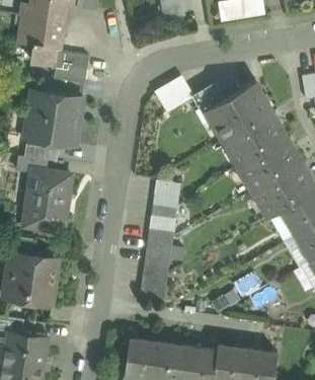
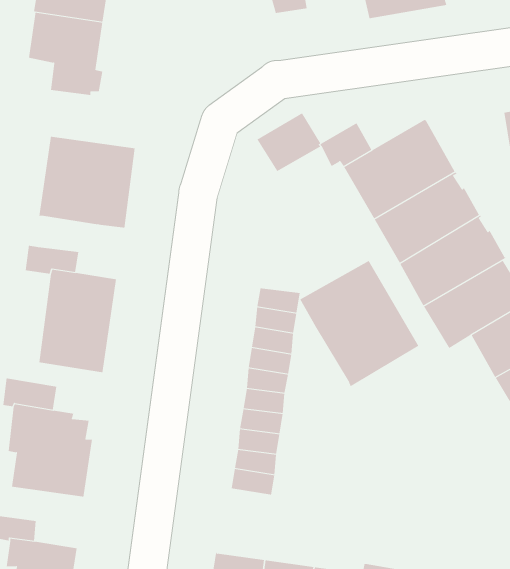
building: [54,53,88,84] -> none
building: [24,139,60,162] -> none
building: none -> [300,260,419,387]

